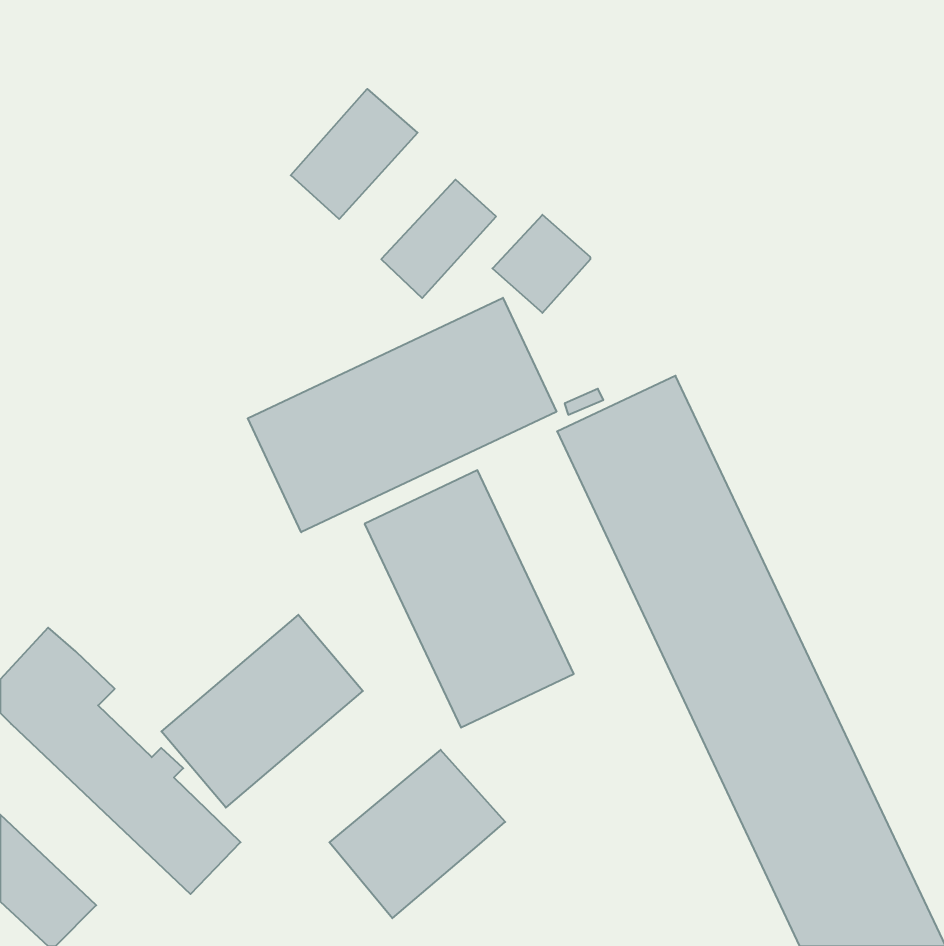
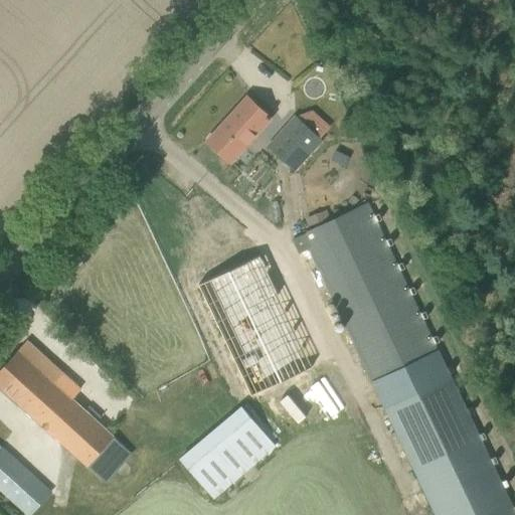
building: [291,89,418,219] -> none
building: [248,298,556,532] -> none
building: [161,615,363,808] -> none

